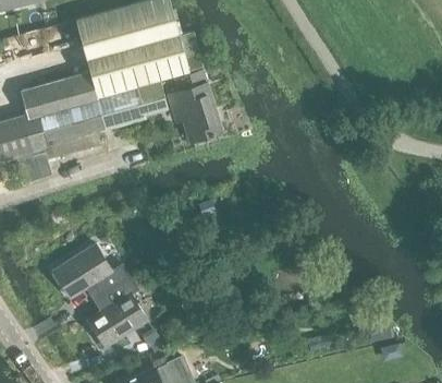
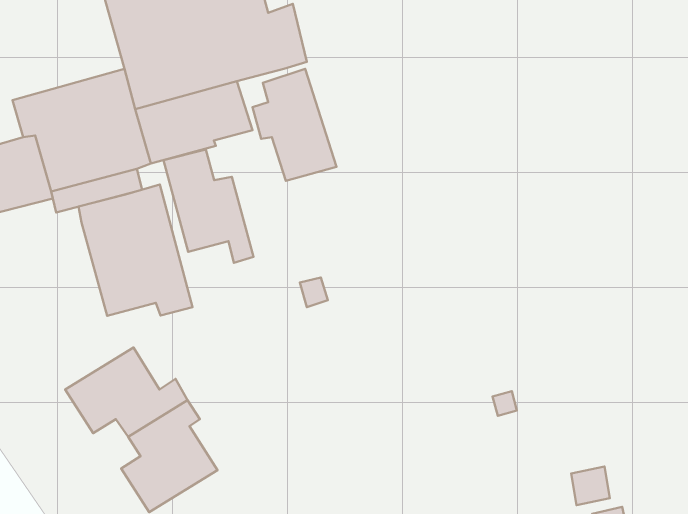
building: none -> [163,150,253,263]
building: none -> [78,185,192,316]

